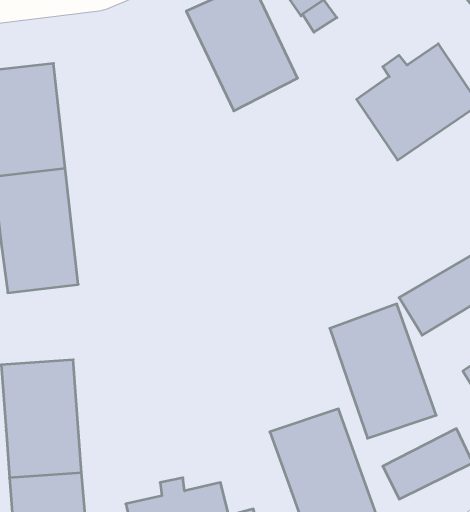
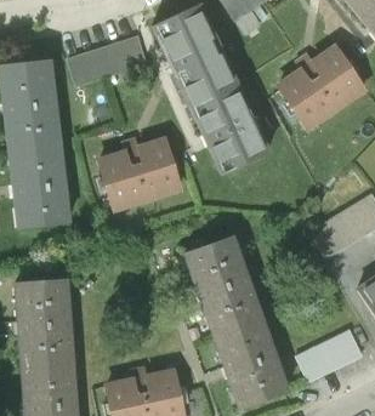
building: none -> [67,36,147,87]
building: none -> [186,69,269,170]
building: none -> [97,136,183,210]
building: [330,304,436,438] -> [184,232,263,331]

